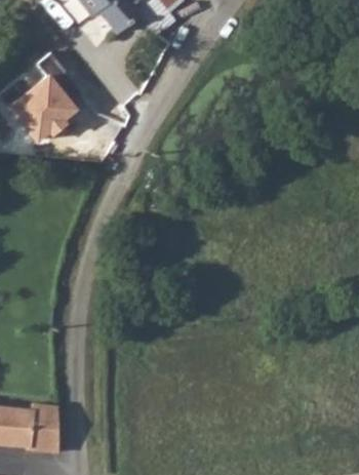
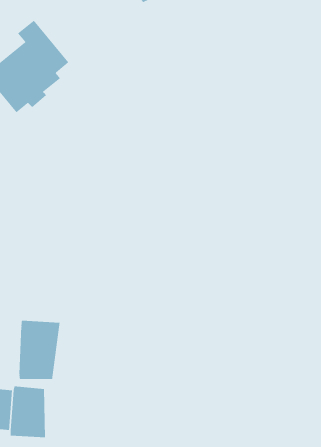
building: none -> [19,320,60,380]

